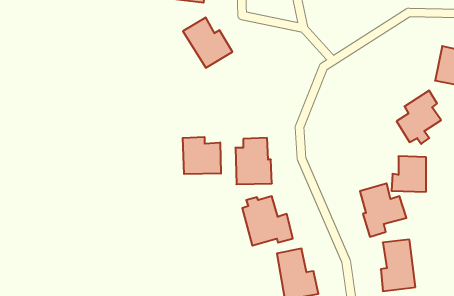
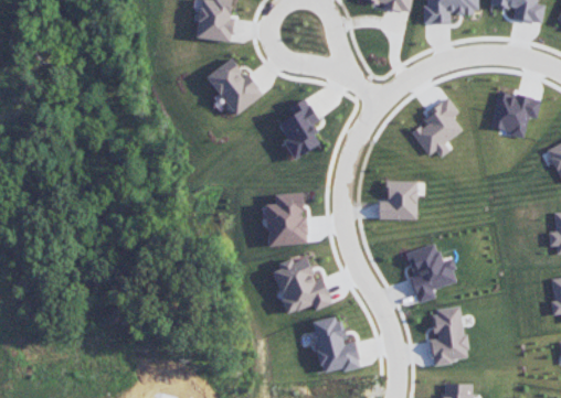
building: none -> [278,98,320,159]
building: [397,91,441,144] -> [412,98,462,158]
building: [183,137,221,174] -> none
building: [391,156,426,192] -> [378,181,416,220]

